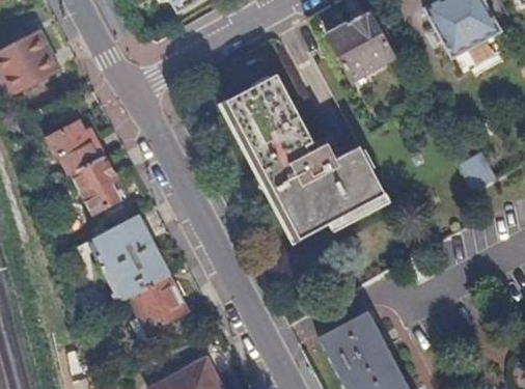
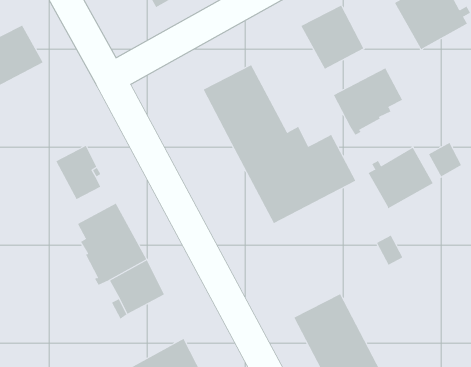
building: none -> [333,68,403,135]
building: [47,122,104,174] -> none
building: none -> [368,147,433,209]

